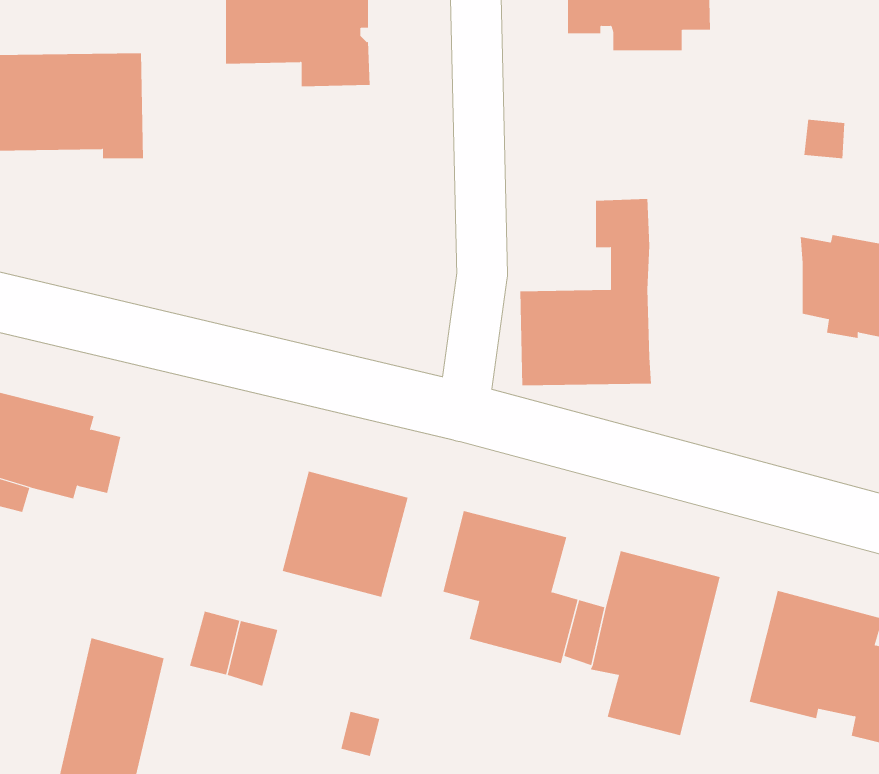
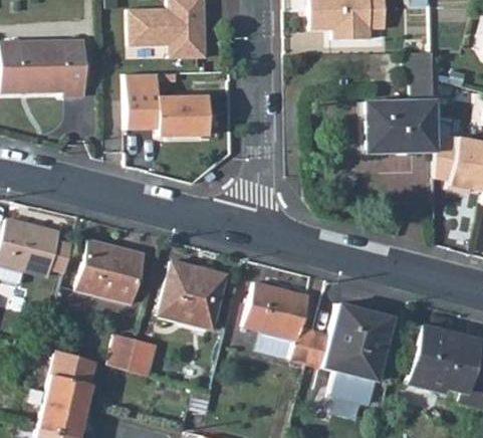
building: none -> [126,73,208,136]
building: [520,199,652,386] -> [365,52,435,152]
building: none -> [77,240,143,303]

